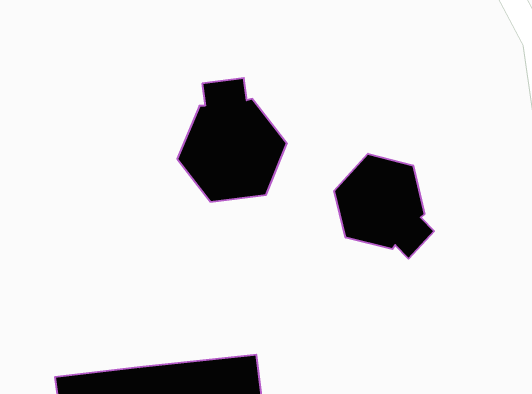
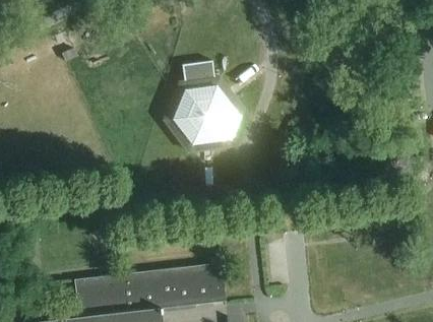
building: [334,154,434,259] -> none

